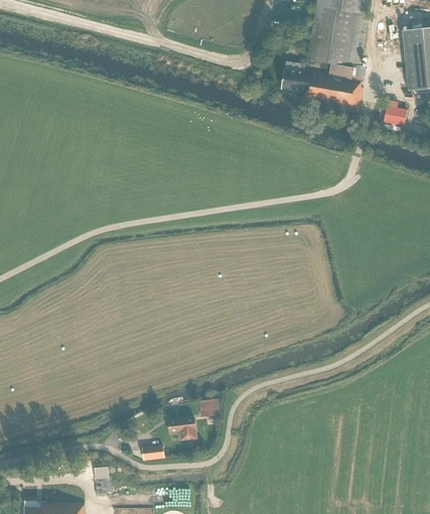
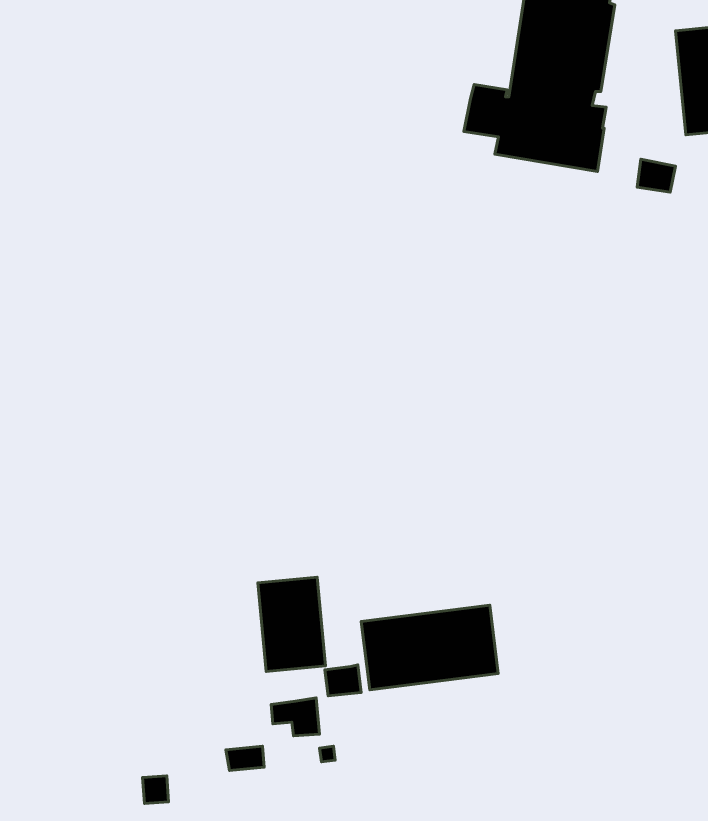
building: none -> [258,577,325,672]
building: none -> [361,605,498,690]

